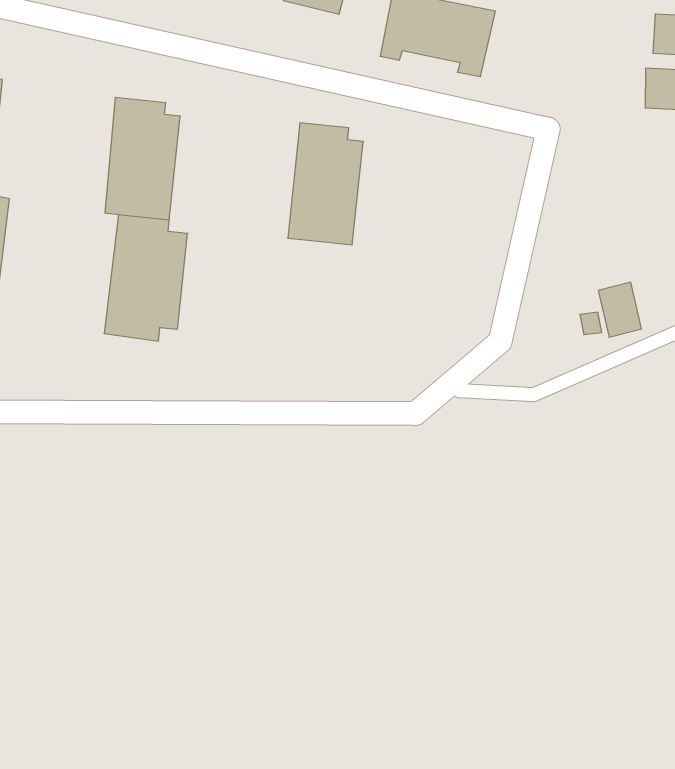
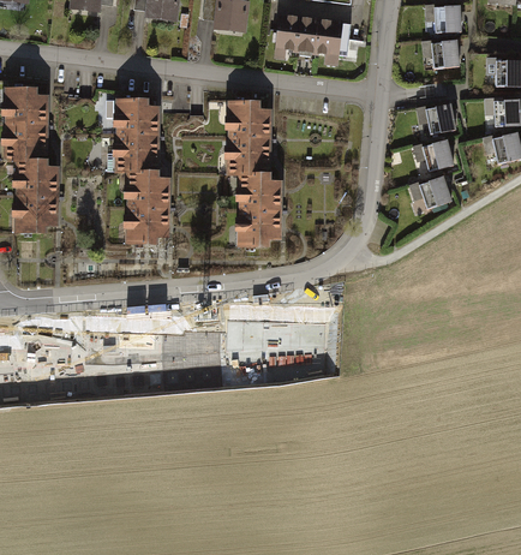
building: none -> [425,103,454,136]
building: none -> [424,141,454,171]
building: none -> [236,171,281,245]

